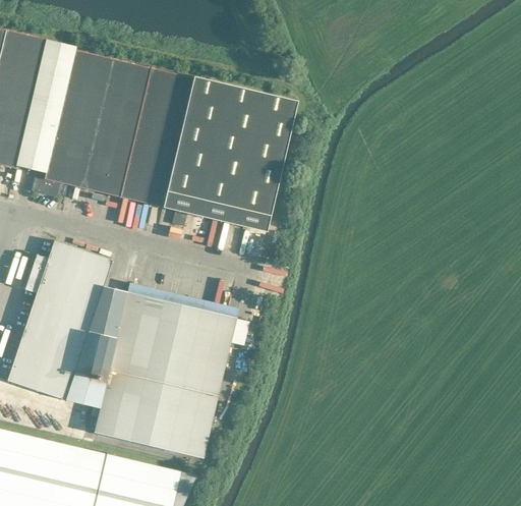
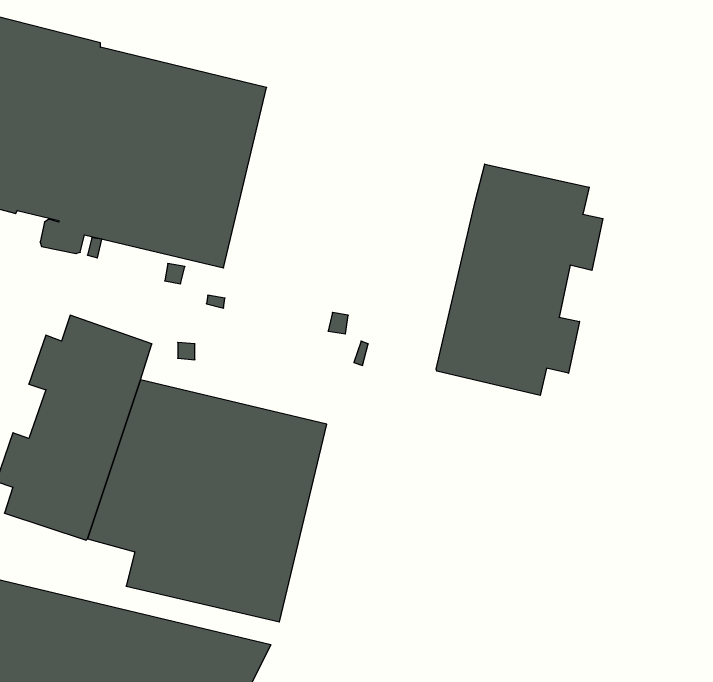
building: [163,76,297,231] -> none
building: none -> [436,164,603,395]

